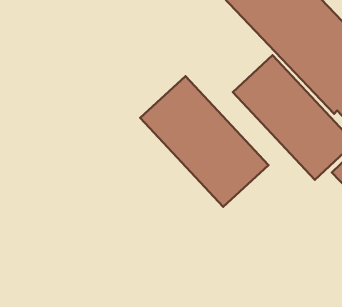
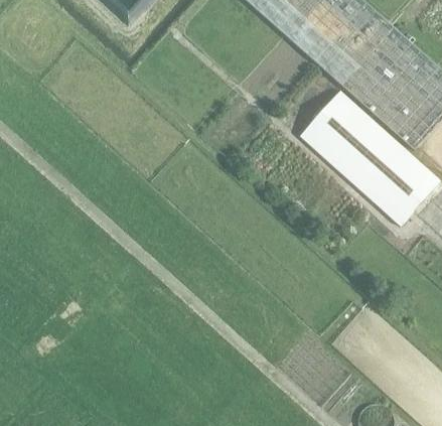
building: [140,76,269,207] -> none

